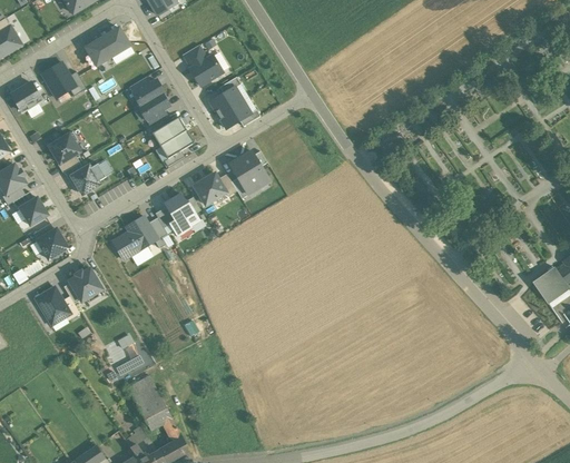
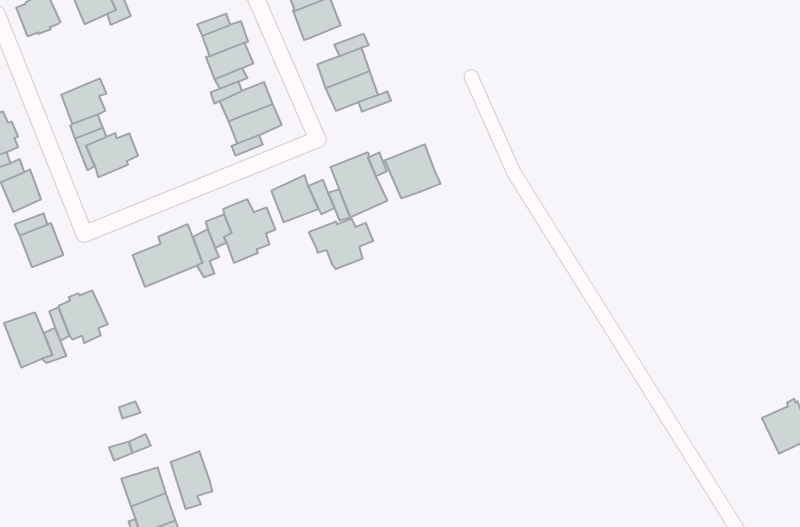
building: none -> [385,144,440,198]
building: none -> [309,218,373,269]
building: none -> [171,451,212,509]

